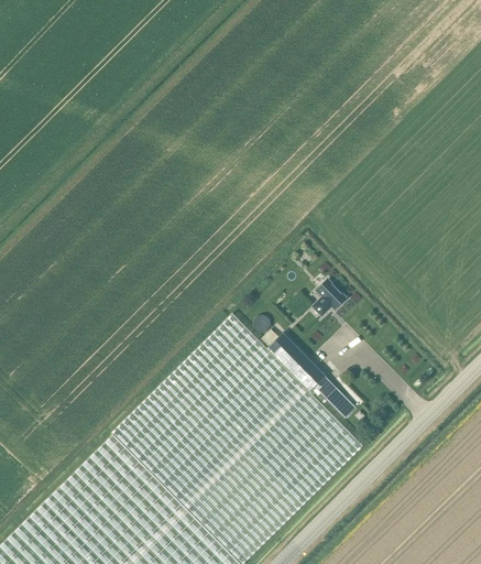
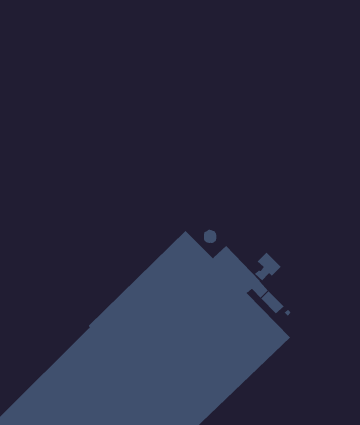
building: [310,280,345,316] -> [254,252,282,281]

